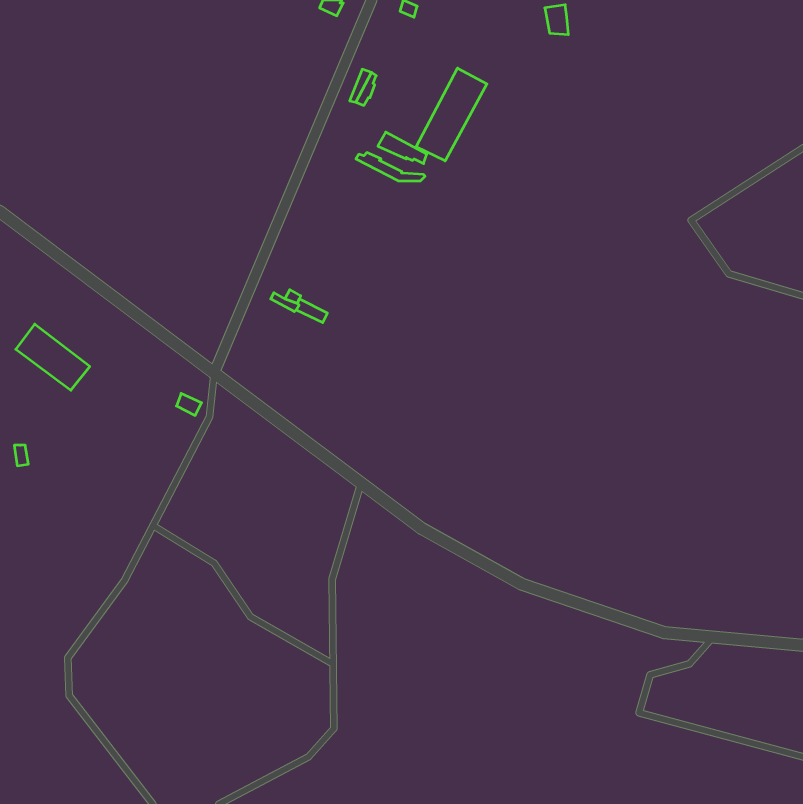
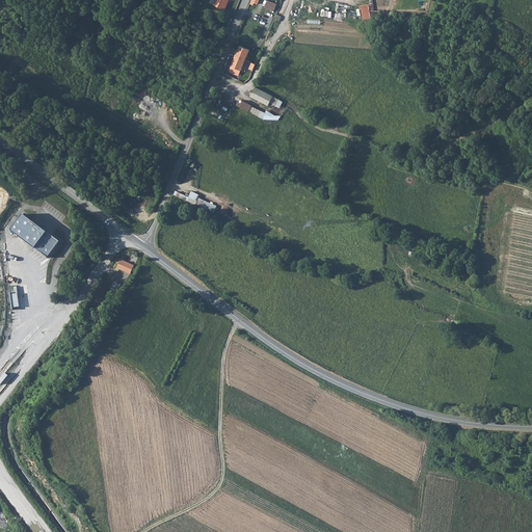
building: [416,68,487,161] -> none

